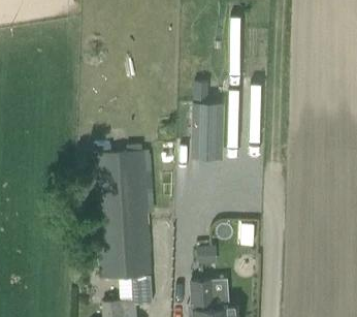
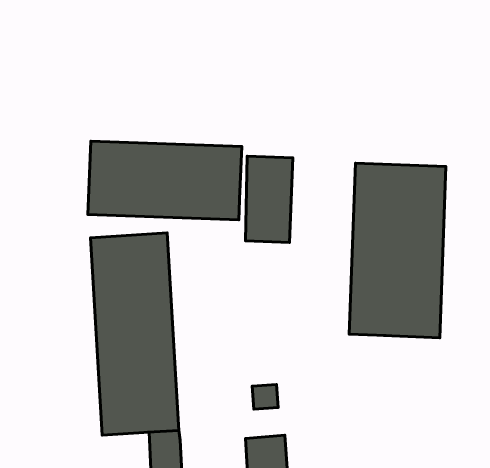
building: none -> [88,141,242,220]
building: none -> [349,163,446,338]

